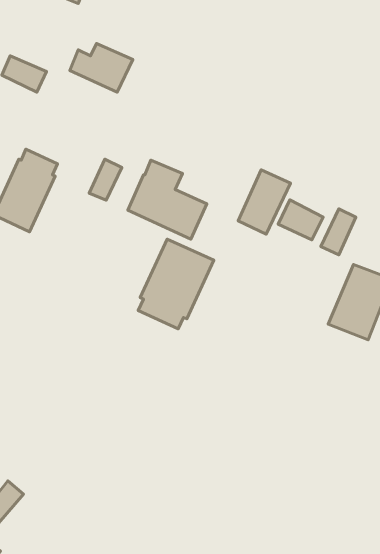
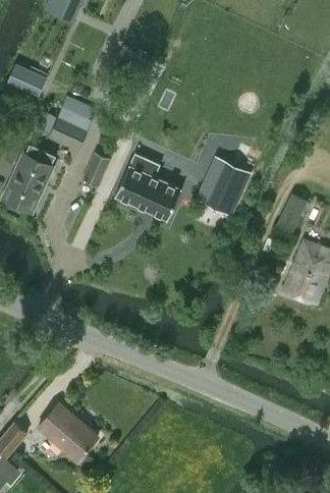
building: [70,44,133,92] -> [39,108,92,149]
building: [278,200,323,240] -> none
building: [138,239,214,329] -> none
building: none -> [37,403,97,461]

